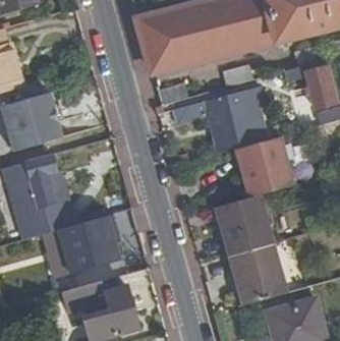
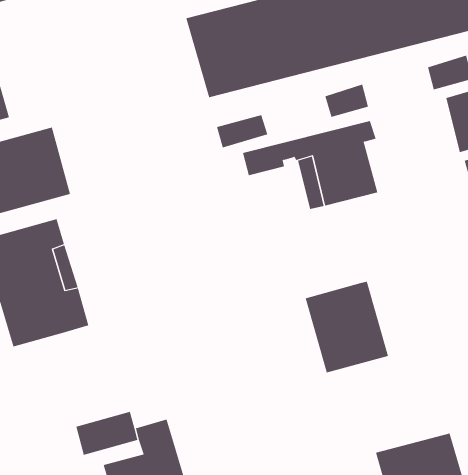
building: [239,137,294,196] -> none
building: [56,217,118,274] -> none
building: [231,245,286,305] -> none

